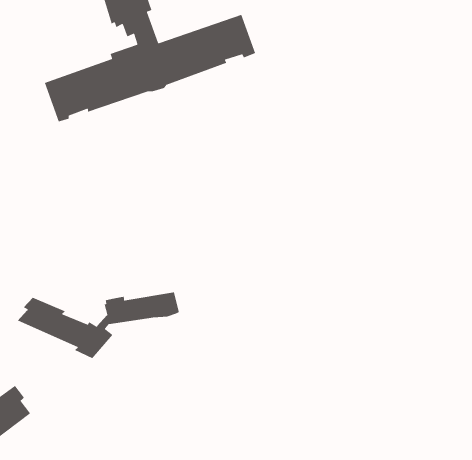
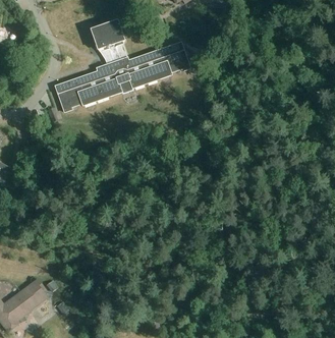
building: [17,291,180,359] -> none

